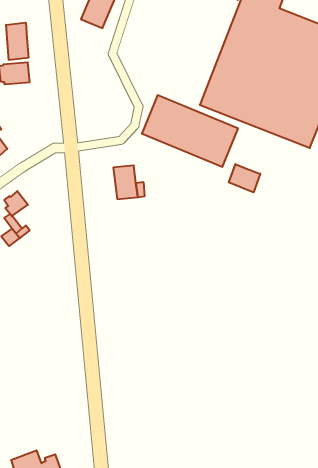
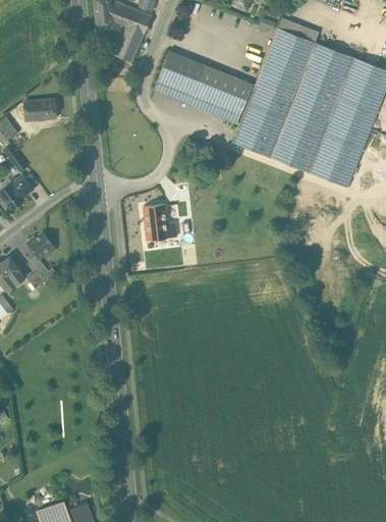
building: [6,23,28,60] -> none
building: [142,95,238,167] -> [153,49,253,123]
building: [229,164,260,192] -> none

